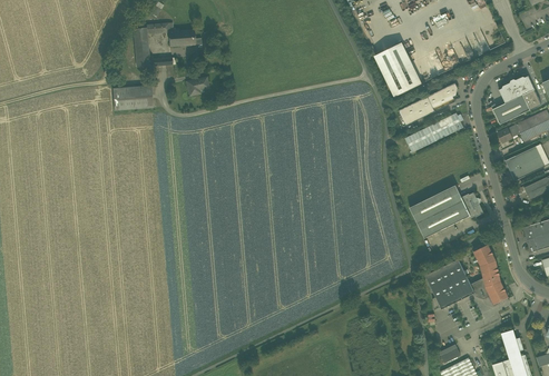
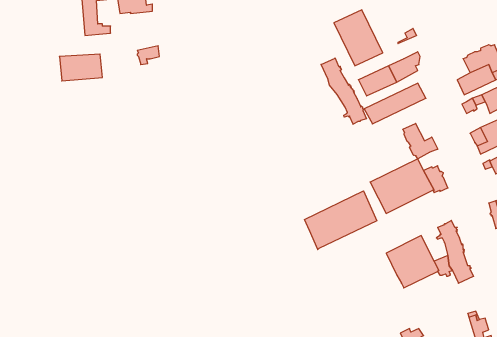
building: none -> [321,58,366,124]
building: none -> [403,123,438,159]
building: none -> [304,191,377,250]

